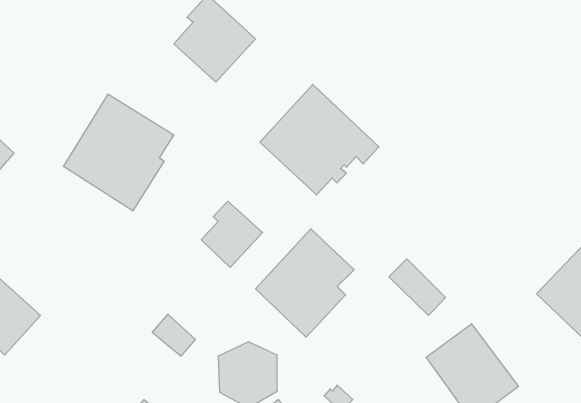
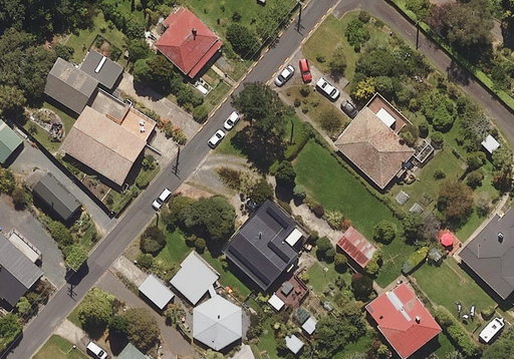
building: none -> [39,47,120,113]
building: [260,84,379,195] -> [333,95,433,188]
building: none -> [34,173,81,221]
building: [201,201,263,267] -> [169,248,220,303]

